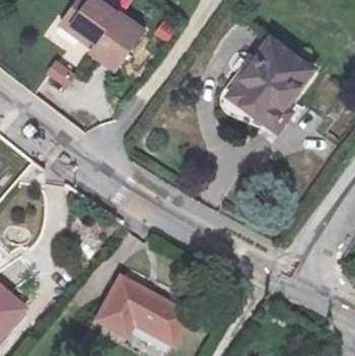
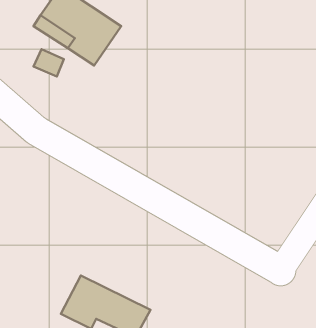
building: [234,33,311,126] -> none

